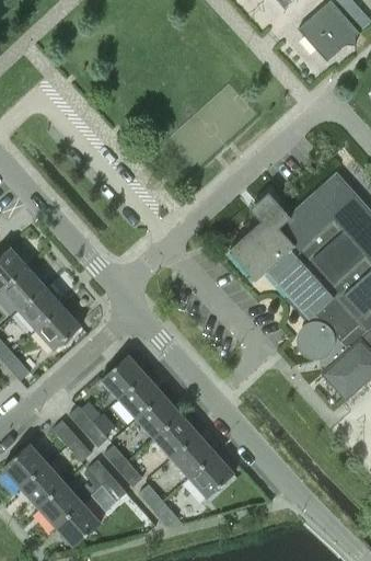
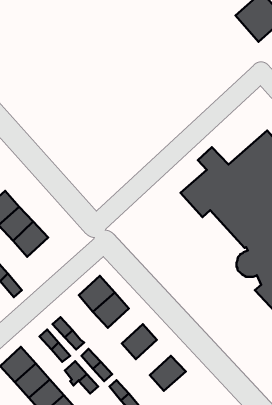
building: [36,306,80,350] -> none
building: [137,394,181,438] -> none
building: [172,434,216,478] -> none

